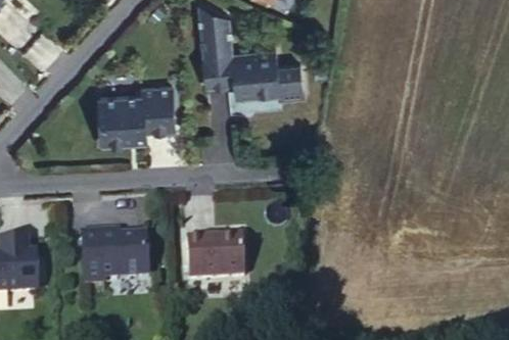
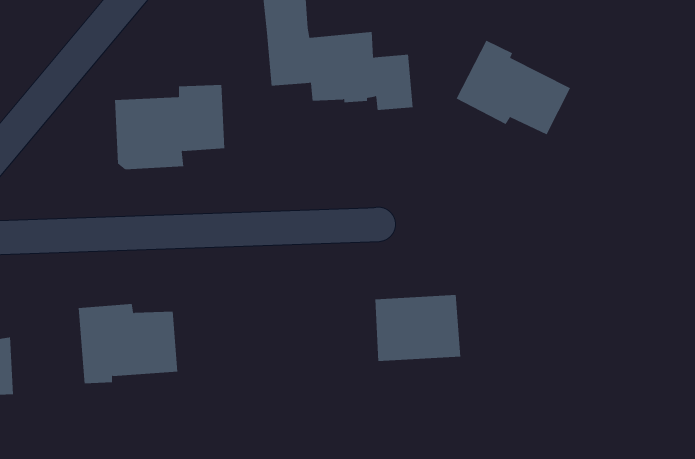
building: none -> [456,40,571,135]
building: [183,237,241,282] -> [374,295,461,361]

